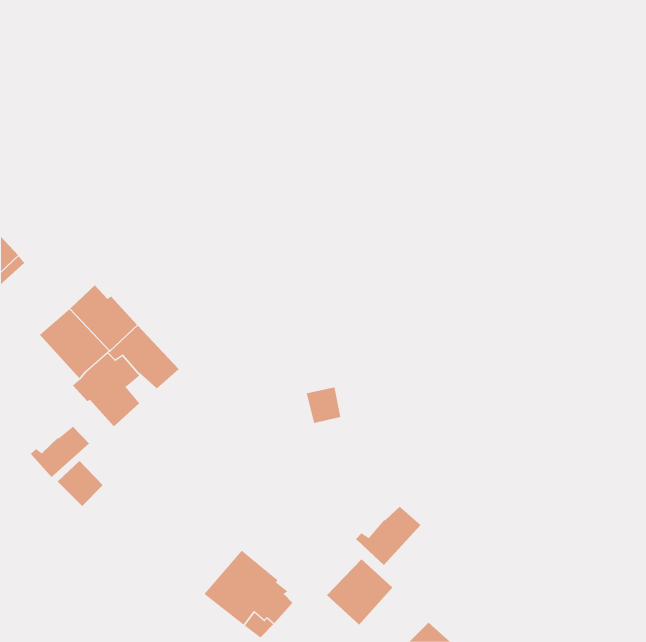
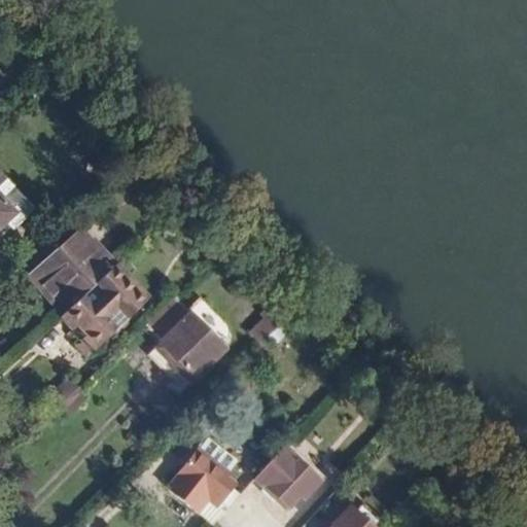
building: none -> [145,296,222,376]
building: [29,426,90,478] -> none
building: [355,506,422,566] -> none

